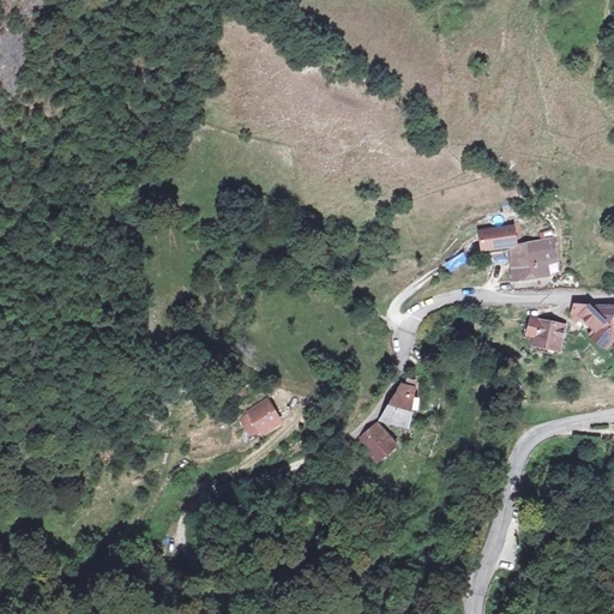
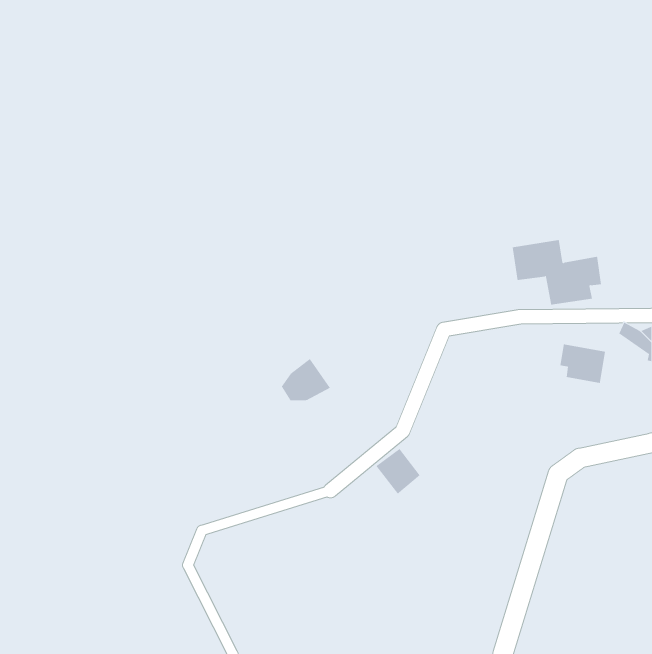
building: [380,377,420,422] -> none
building: [240,390,287,429] -> [281,358,331,401]

